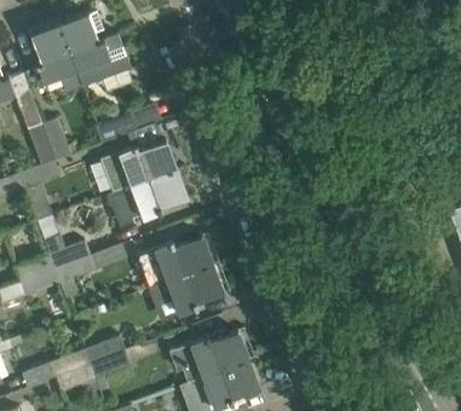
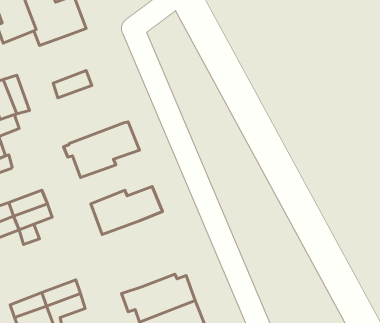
building: [102,140,177,191] -> none
building: [149,264,224,316] -> none

